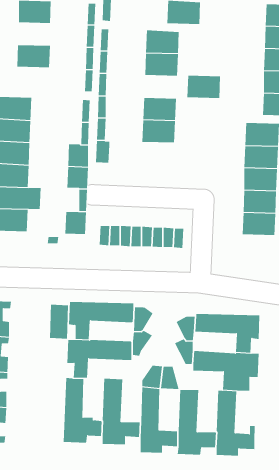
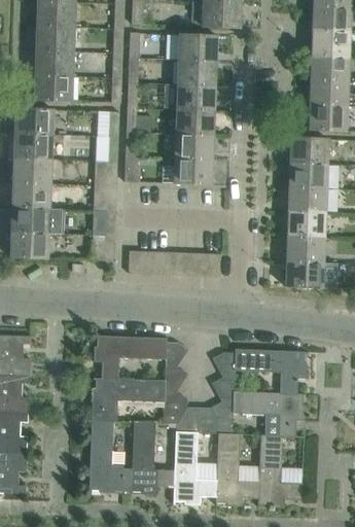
building: none -> [37,26,74,51]
building: none -> [35,75,73,102]
building: [187,75,221,98] -> [177,84,215,110]
building: none -> [174,159,212,185]
building: none -> [285,261,323,288]
building: [49,304,68,339] -> none
building: none -> [162,391,186,423]
building: none -> [210,401,232,433]

